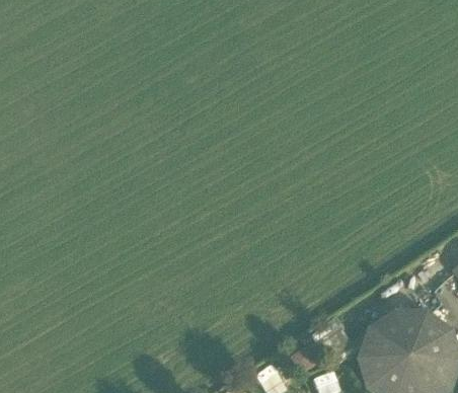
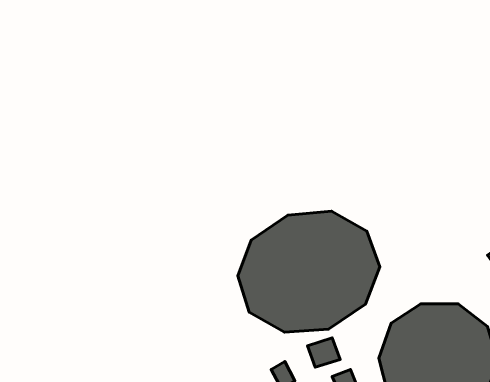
building: none -> [238,211,380,332]

